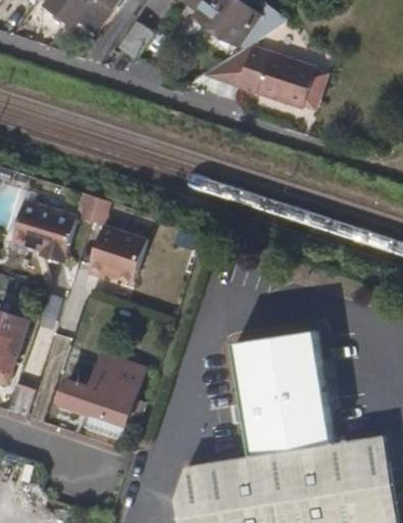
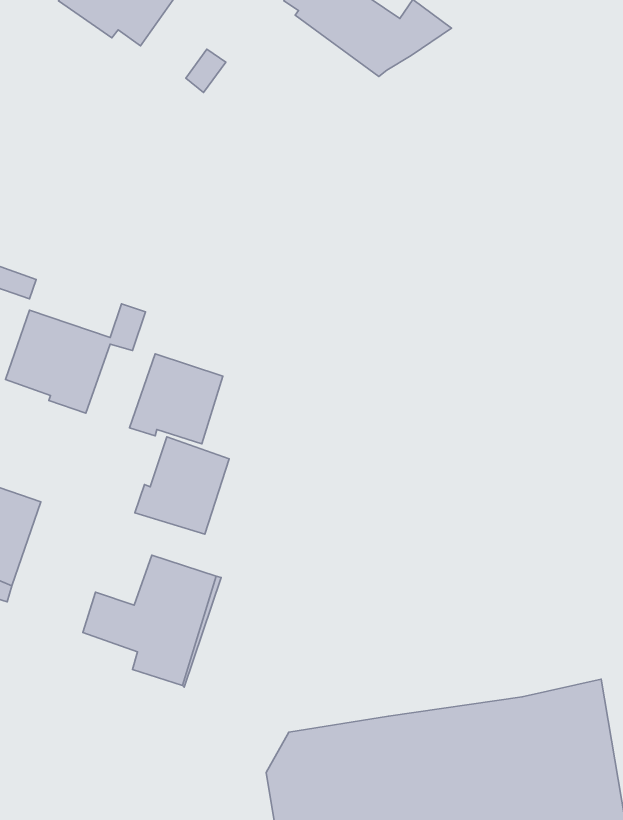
building: [203,46,316,108] -> none
building: none -> [135,437,229,534]
building: [234,328,335,456] -> none

